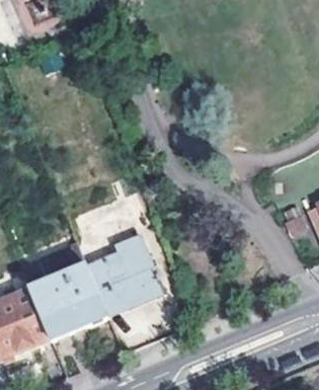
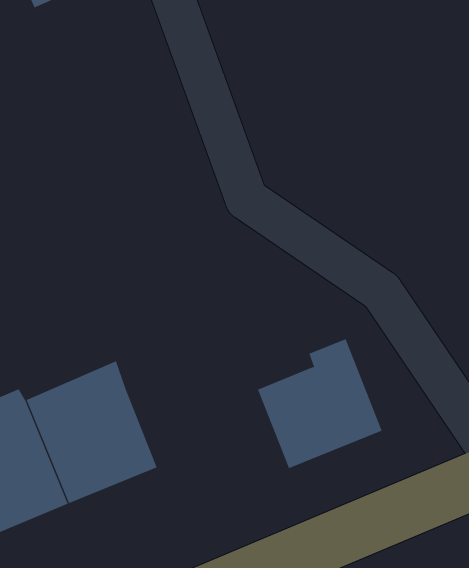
building: [86,240,163,320] -> [257,339,382,469]

